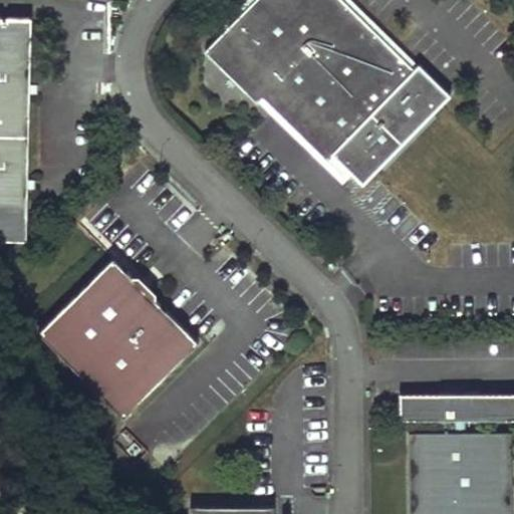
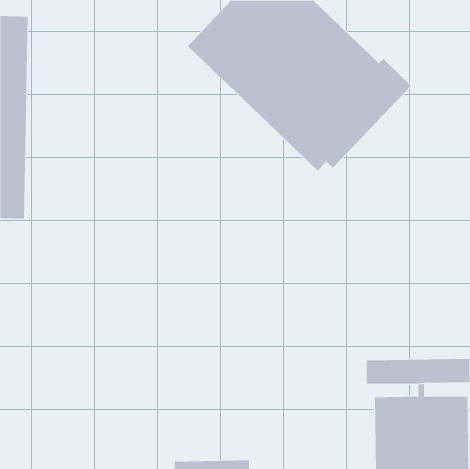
building: [38,256,200,418] -> none

